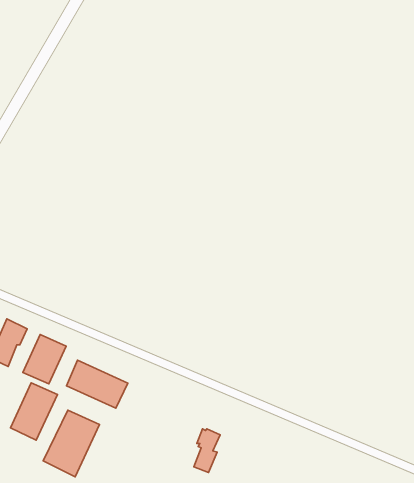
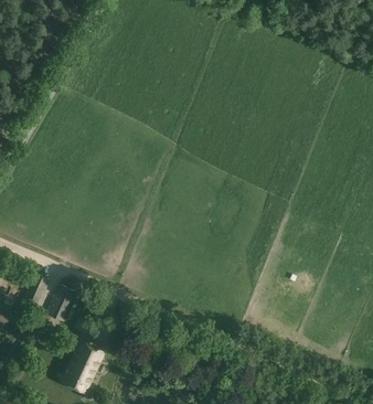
building: [67,360,128,408] -> none
building: [11,383,58,440] -> none

